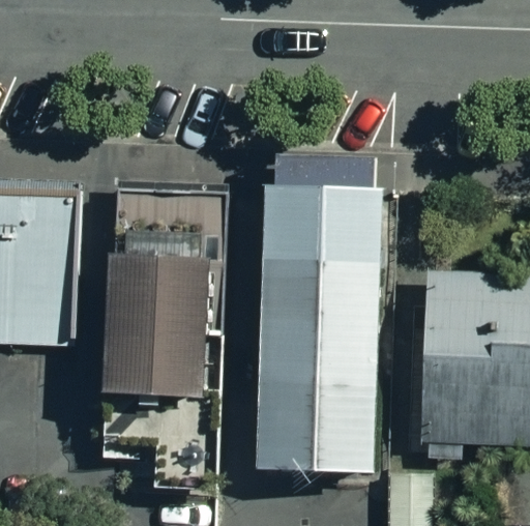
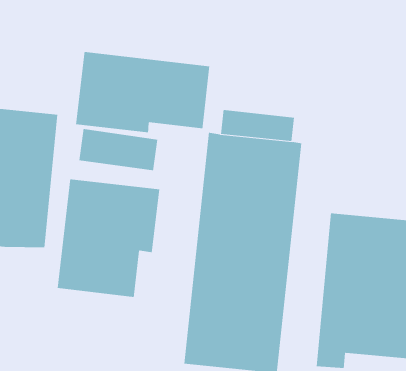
building: none -> [76,51,210,133]

